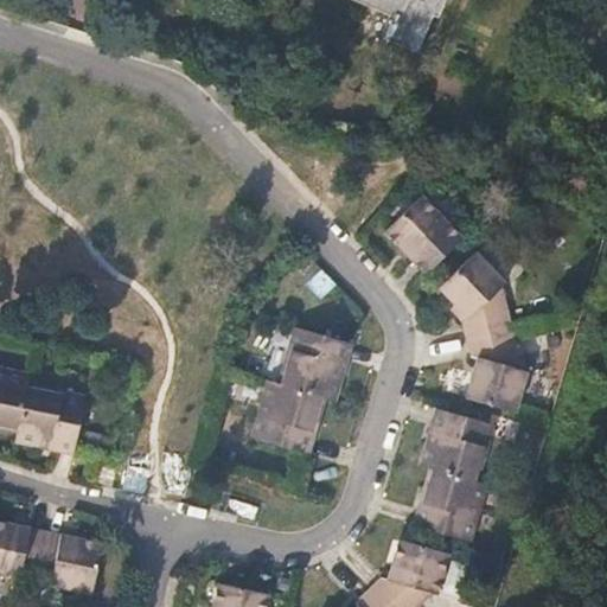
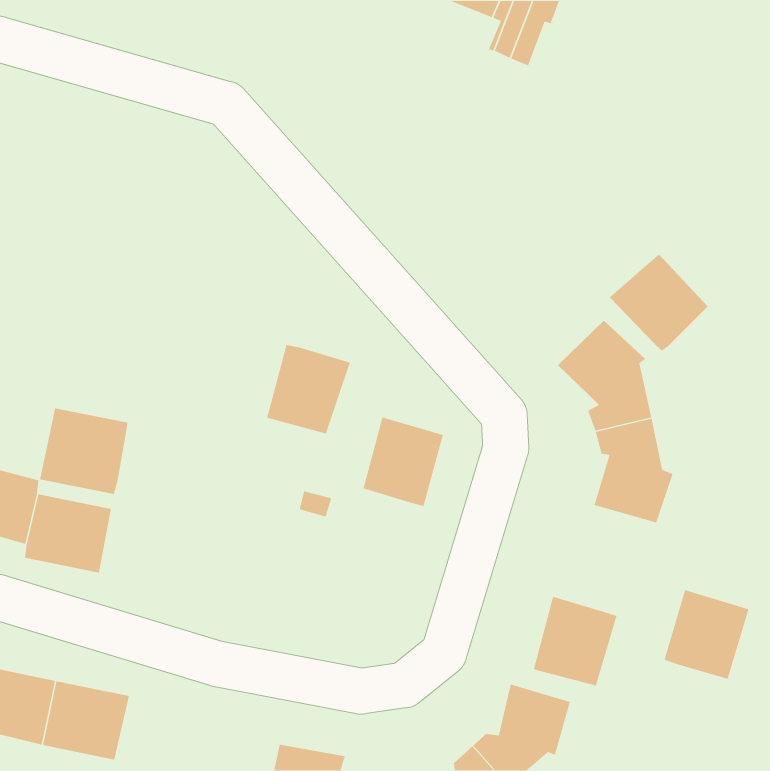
building: [385,196,464,273] -> [609,254,709,352]
building: none -> [39,408,128,495]
building: [257,382,324,453] -> [266,344,351,435]
building: [423,409,491,480] -> [663,589,749,680]

